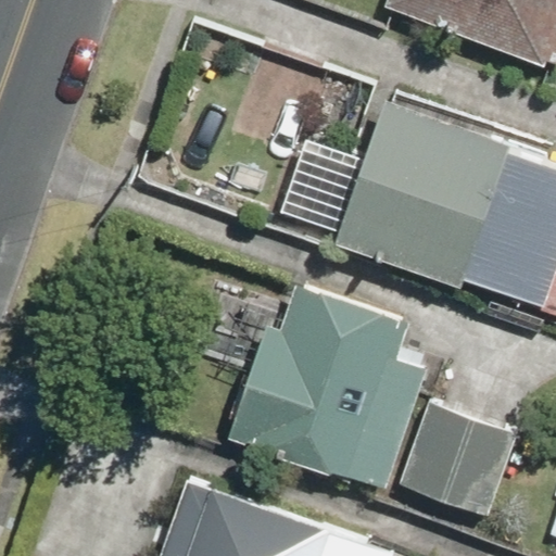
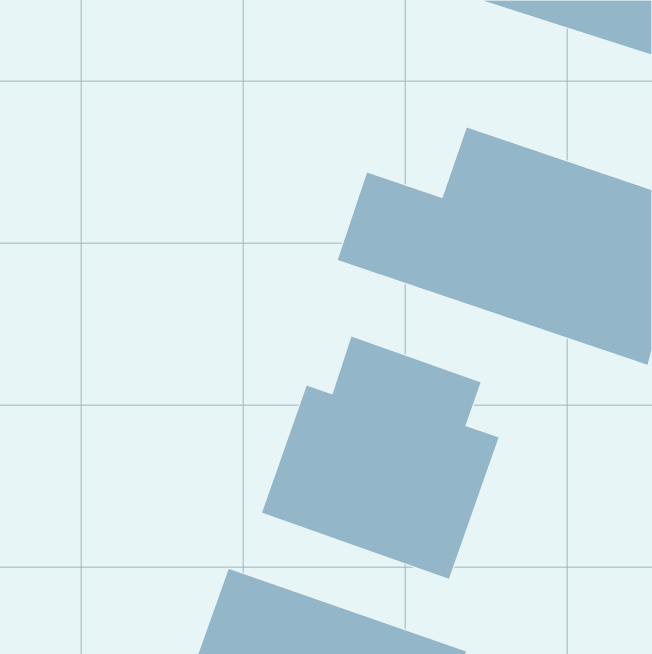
building: [399,399,517,515] -> none

